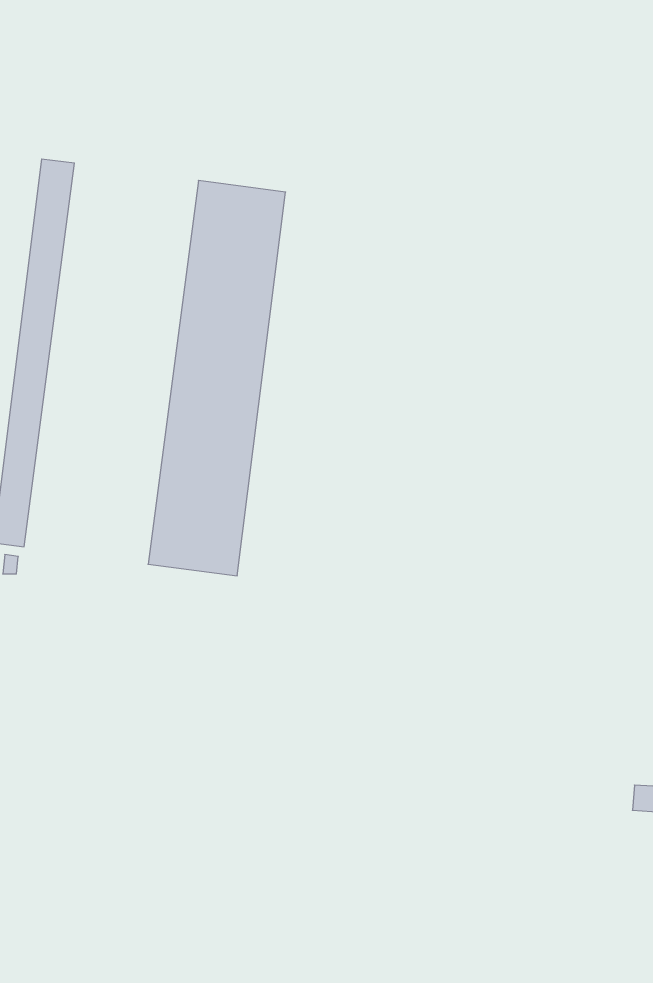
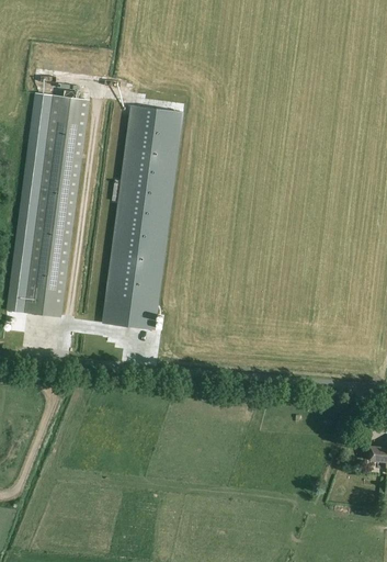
building: none -> [27,94,92,316]

